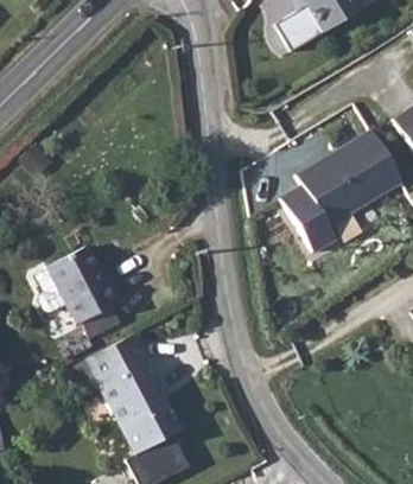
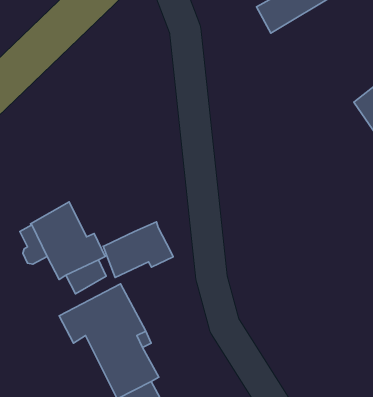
building: [278,139,399,261] -> none
building: none -> [103,222,173,277]

